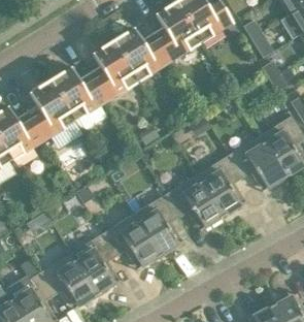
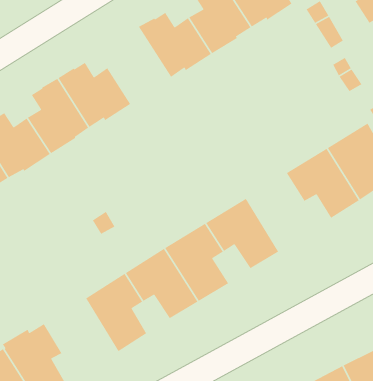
building: [89,39,138,100] -> none
building: [197,154,246,216] -> none
building: [39,252,97,309] -> none

